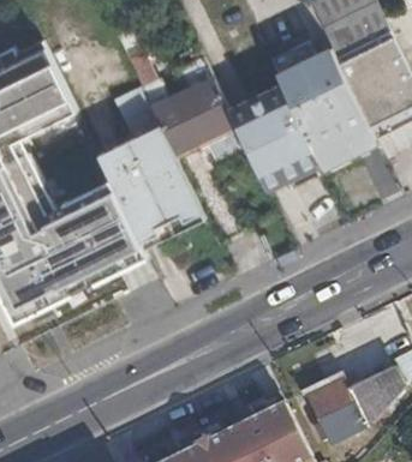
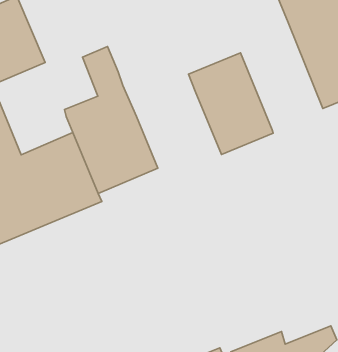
building: [271,41,376,163] -> none
building: [129,54,238,158] -> none

